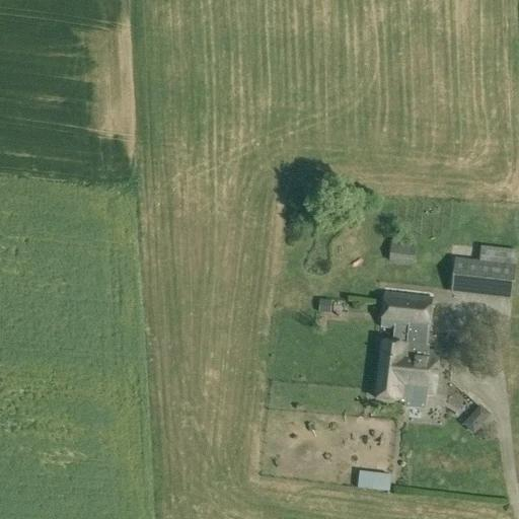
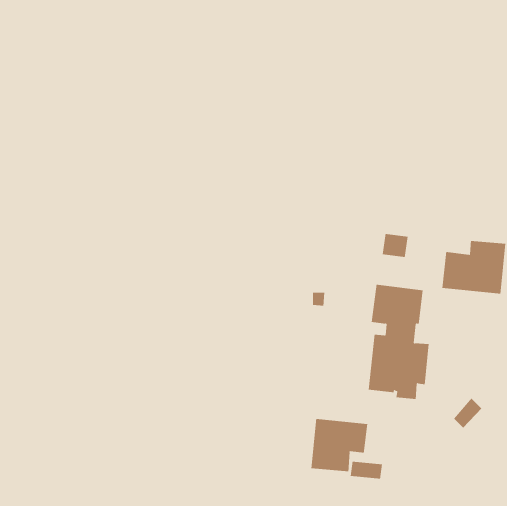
building: none -> [311,418,368,472]

